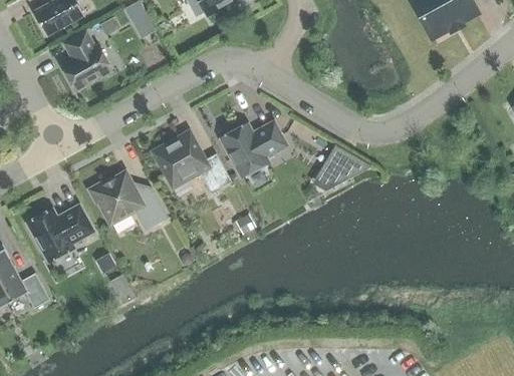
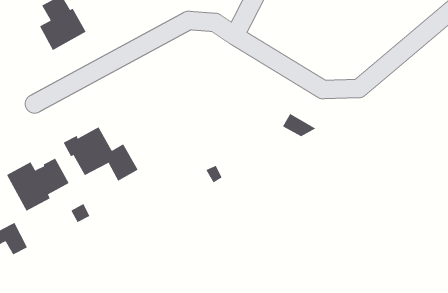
building: [220,121,287,176] -> none
building: [155,133,231,194] -> none

